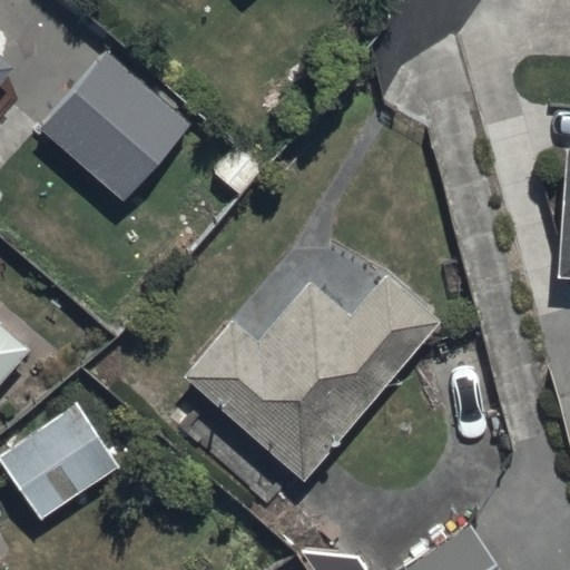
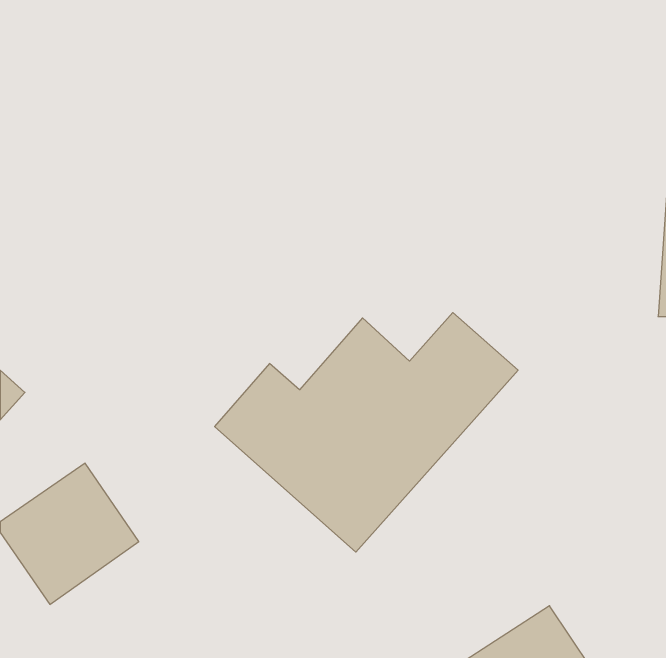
building: [40,46,179,206] -> none

